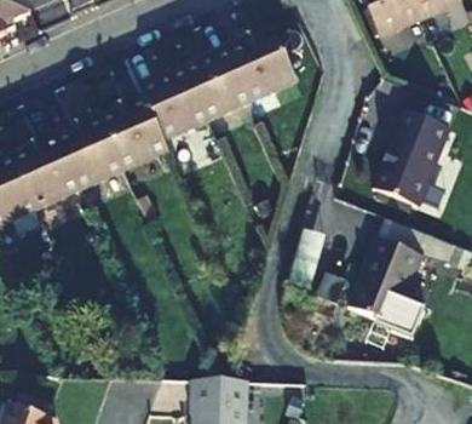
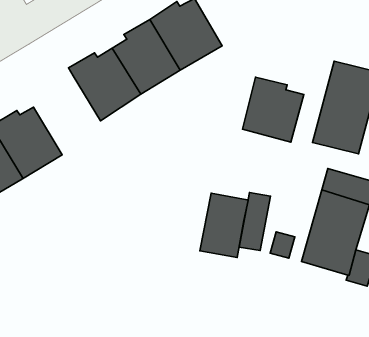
building: [99,92,168,170] -> none
building: none -> [242,77,304,142]
building: none -> [200,193,248,257]

